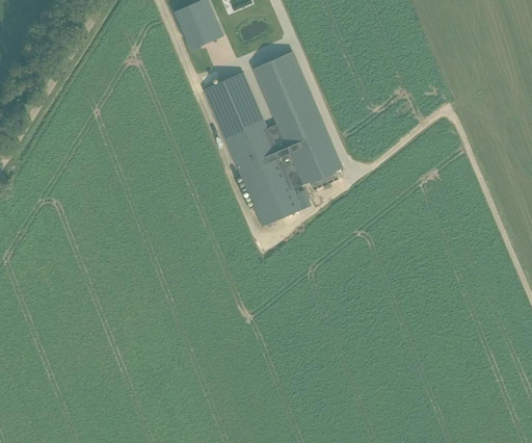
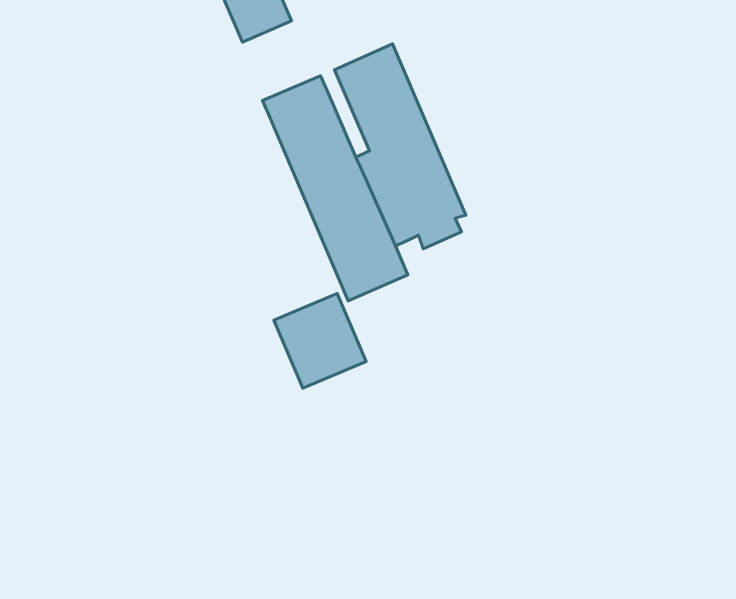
building: none -> [274,293,366,388]

